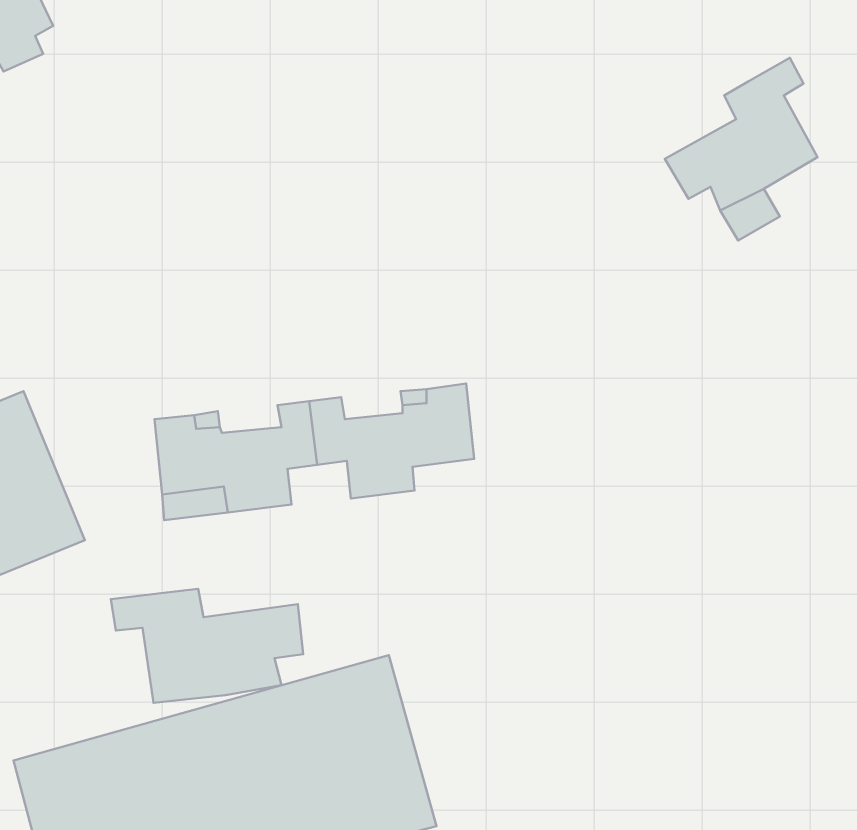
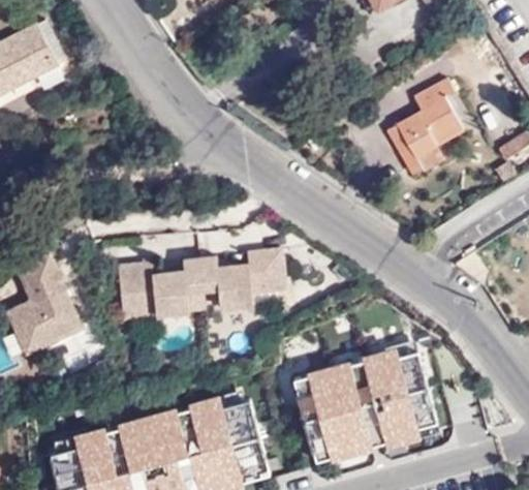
building: none -> [290,348,439,466]
building: [111,589,303,703] -> none

